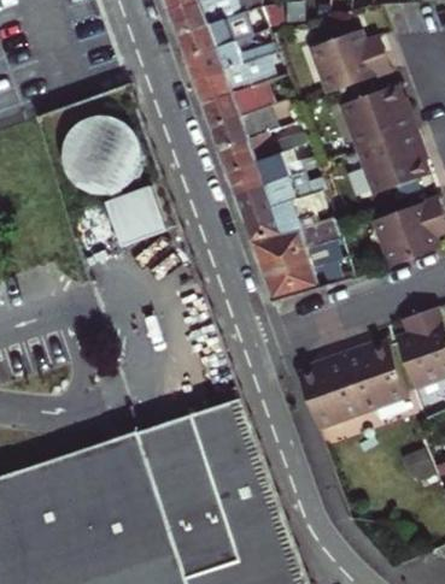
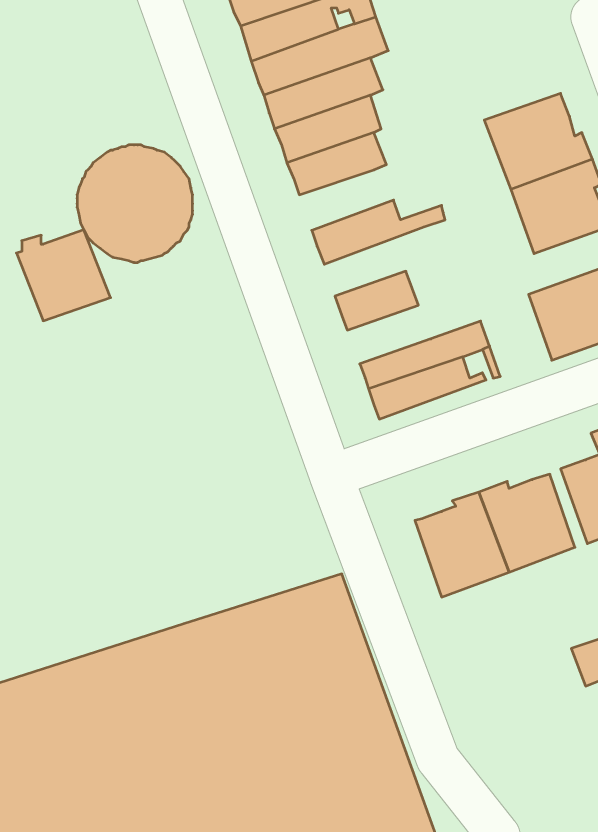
building: [311,28,390,90] -> none
building: [217,132,309,173] -> none
building: [234,171,324,218] -> none
building: [107,187,171,248] -> [16,230,111,321]
building: [250,212,340,264] -> none

